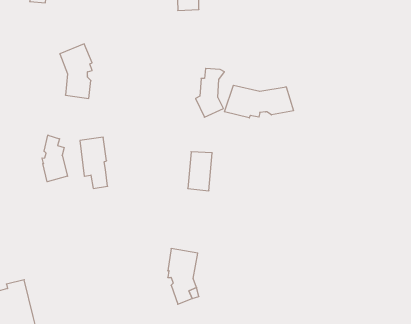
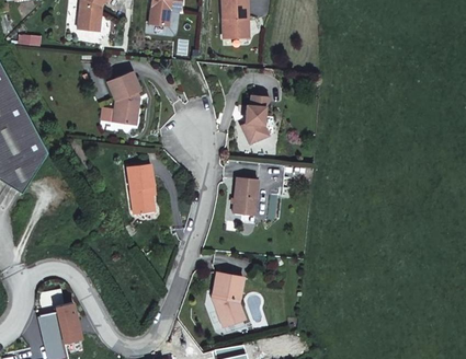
building: [224,85,293,118] -> none
building: [42,135,68,182] -> none

